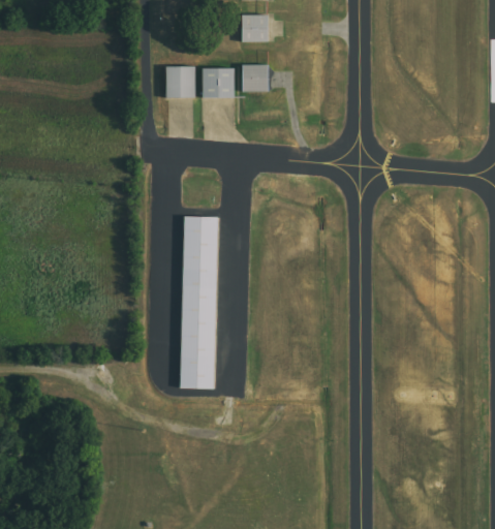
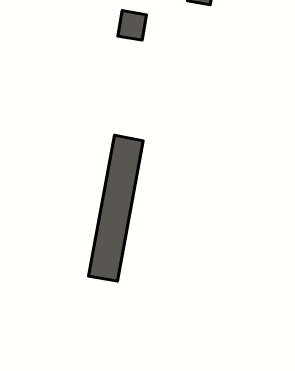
building: [242,65,270,92] -> none
building: [203,68,237,98] -> none

